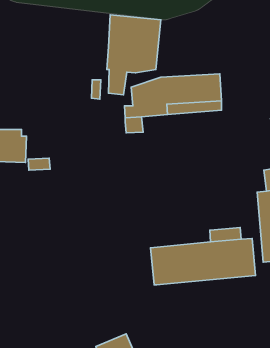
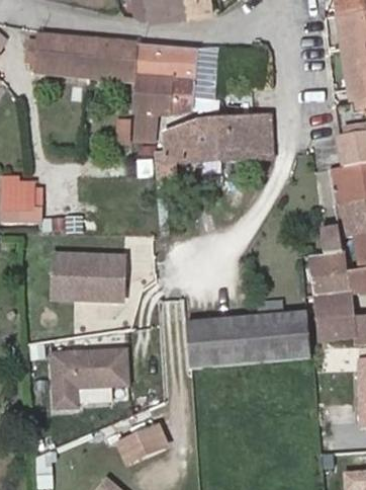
building: none -> [26,30,138,82]
building: none -> [53,251,123,297]
building: none -> [53,345,129,404]

